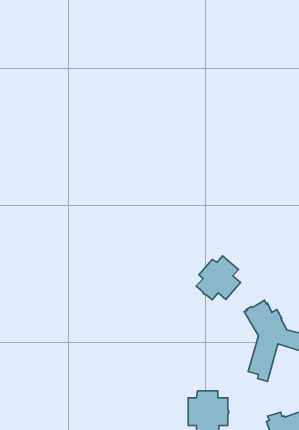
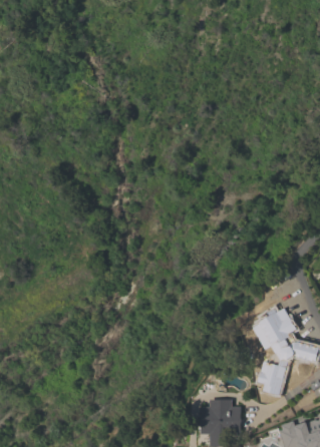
building: [196,256,241,300] -> none

